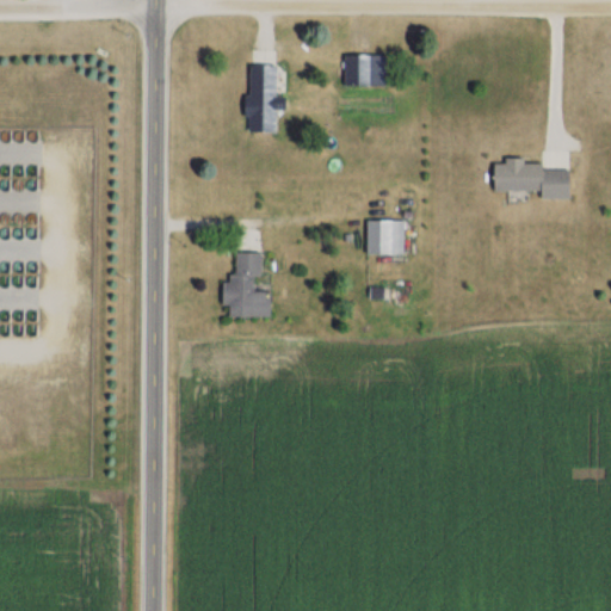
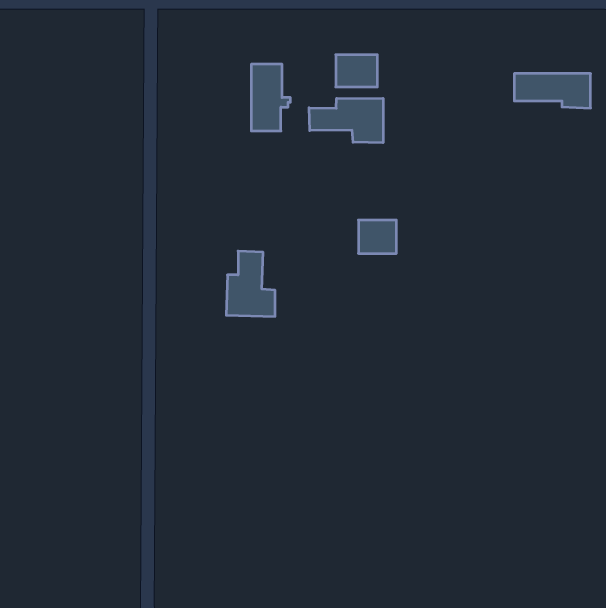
building: none -> [309,98,383,143]
building: [485,165,561,199] -> [514,74,591,108]

